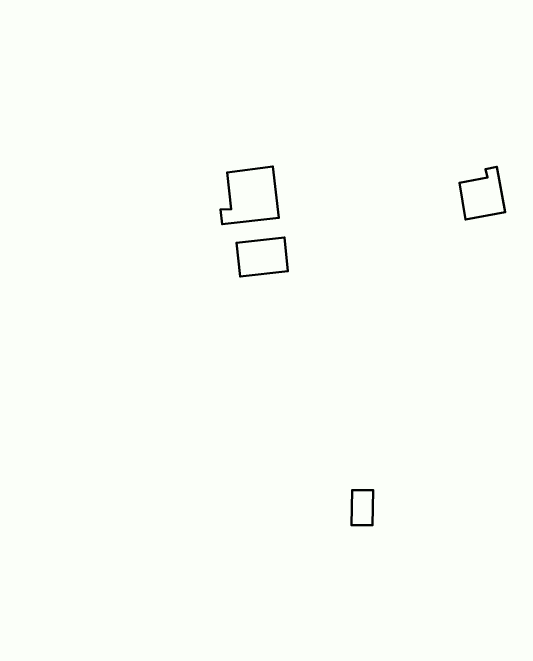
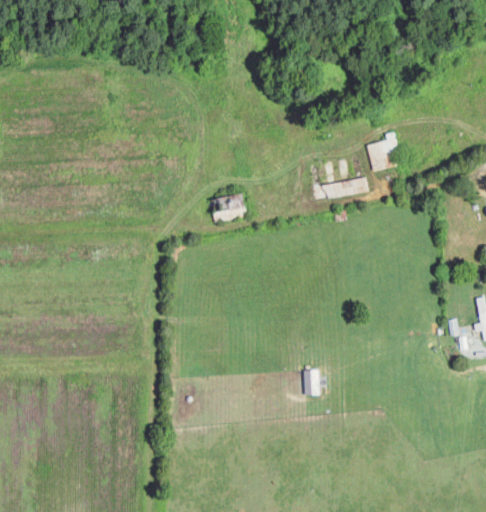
building: [220,166,279,224] -> none
building: none -> [312,176,370,200]

